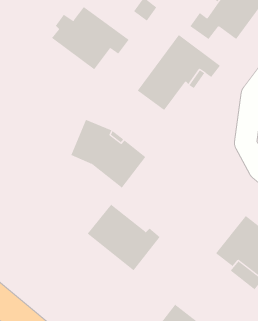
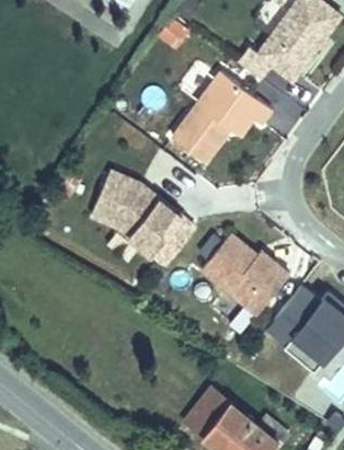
building: [51,6,129,70] -> none
building: [87,204,161,271] -> [203,234,290,314]

